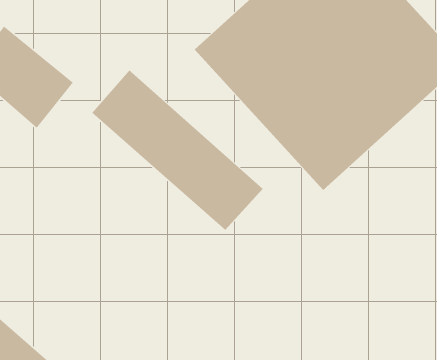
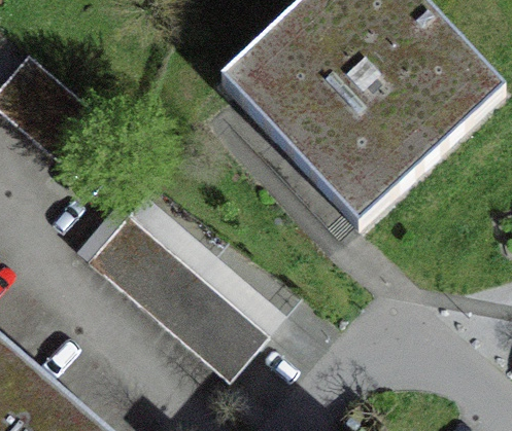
building: [91,70,263,231] -> [87,213,264,379]

